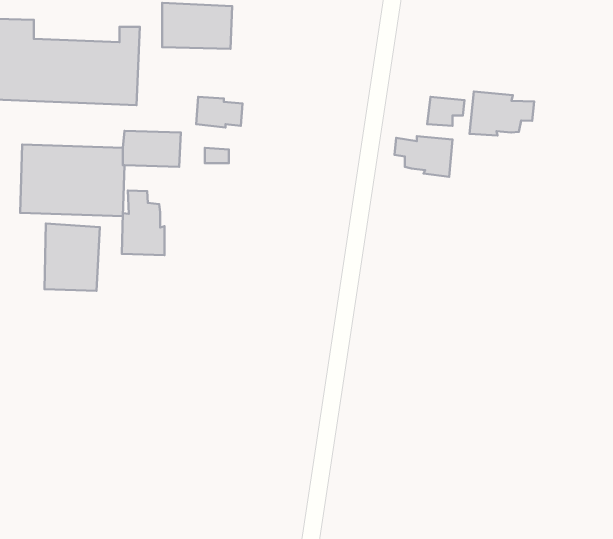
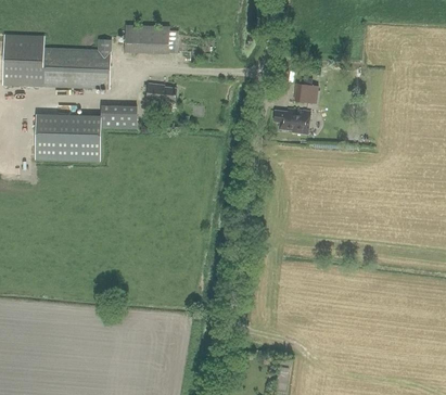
building: [469,91,534,135] -> none
building: [122,191,165,255] -> none
building: [44,224,100,291] -> none

